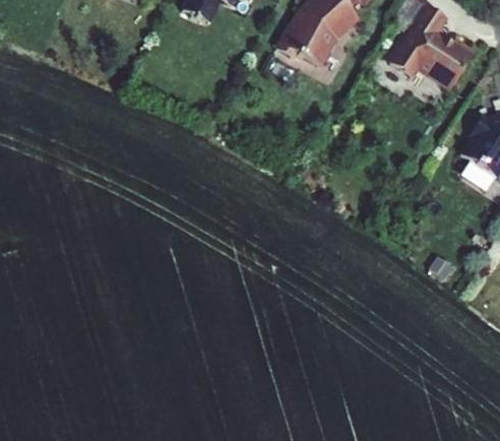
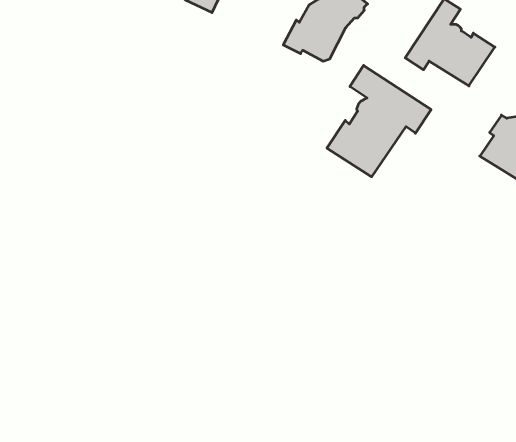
building: none -> [327,65,431,177]

